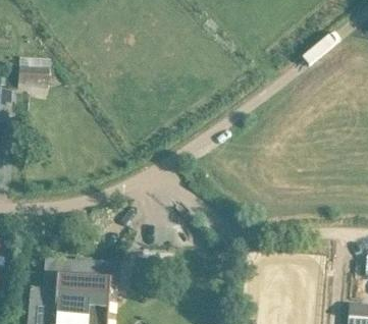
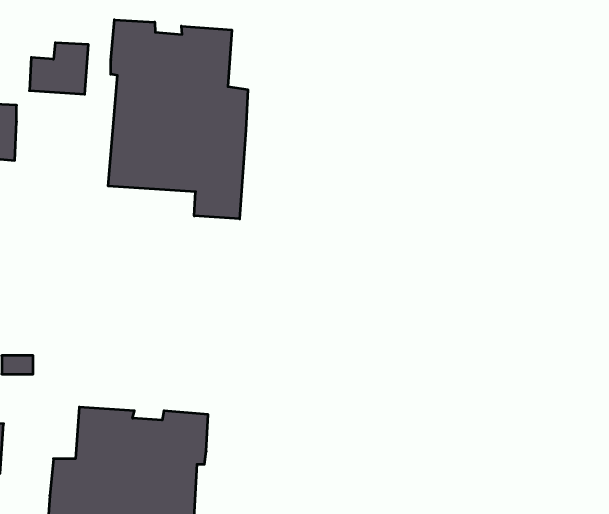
building: none -> [108,20,248,219]

